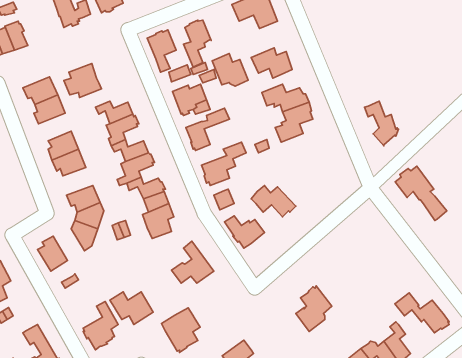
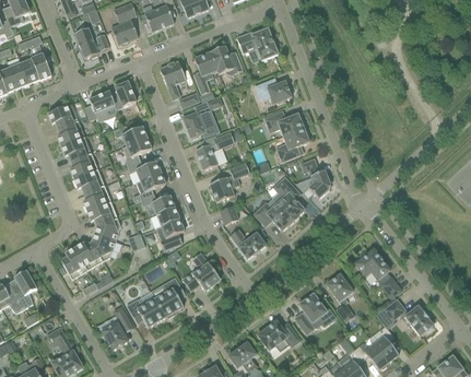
building: none -> [109,80,136,108]
building: [212,54,248,86] -> [210,45,243,74]
building: [365,101,398,146] -> [301,157,331,198]
building: none -> [61,136,91,161]
building: none -> [272,176,304,220]
building: [395,166,447,220] -> [354,248,401,297]
building: none -> [83,185,110,210]
building: none -> [74,240,103,269]
building: none -> [326,273,354,321]
building: [162,308,200,352] -> [151,276,186,317]
building: none -> [257,319,301,350]

